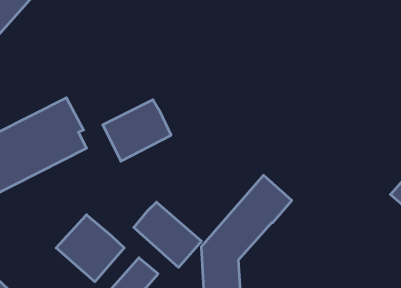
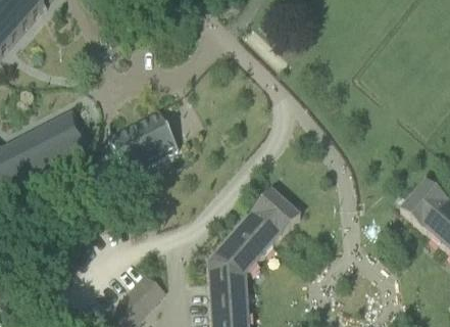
building: [134,202,201,267] -> none
building: [56,215,124,282] -> none

